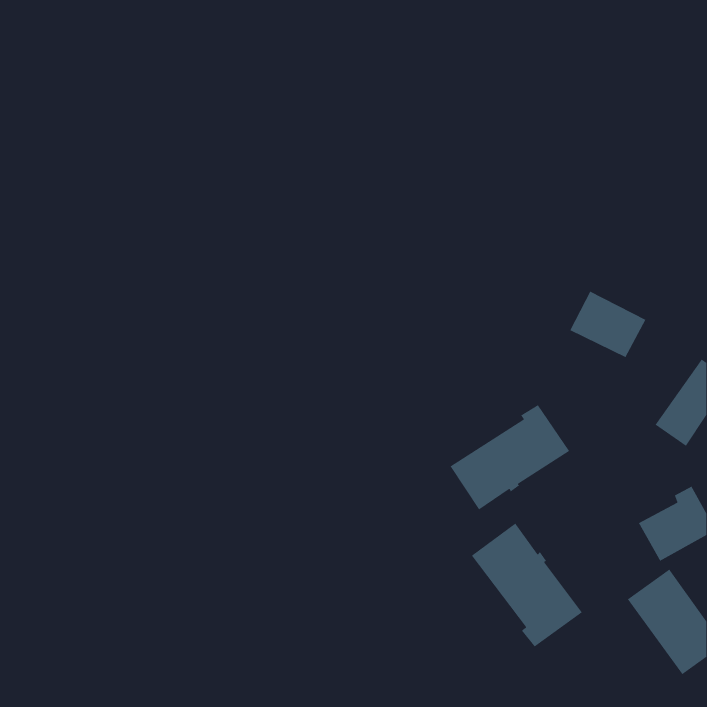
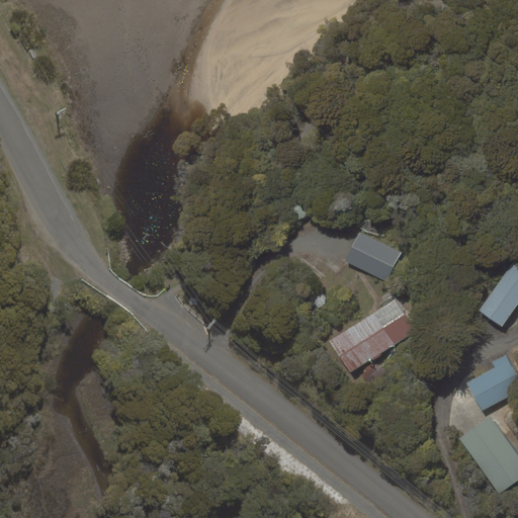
building: [569,290,647,358] -> [345,232,402,281]
building: [471,522,583,647] -> none

